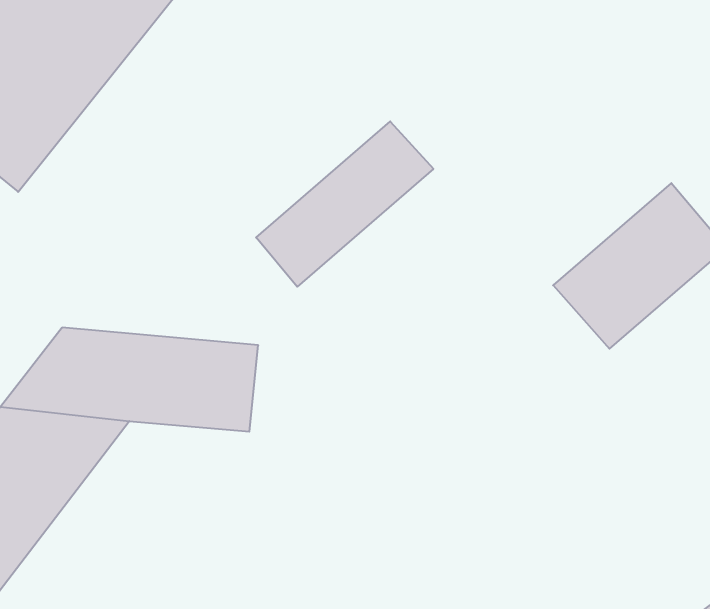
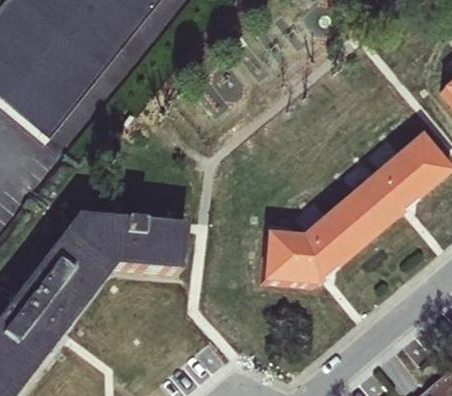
building: [256,121,433,287] -> none
building: none -> [269,189,388,283]

